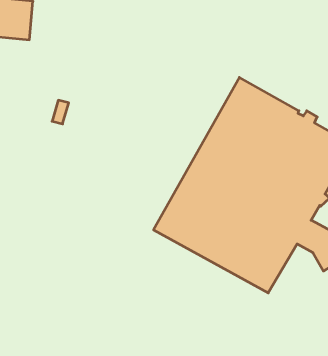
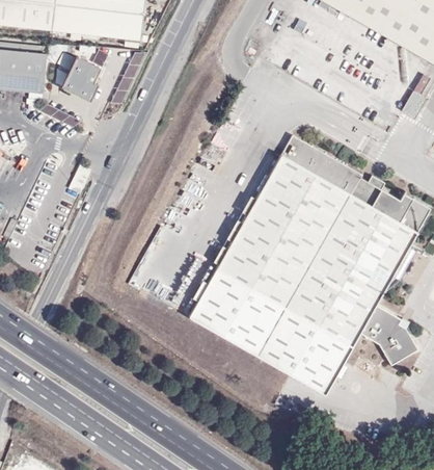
building: none -> [58,56,100,97]

